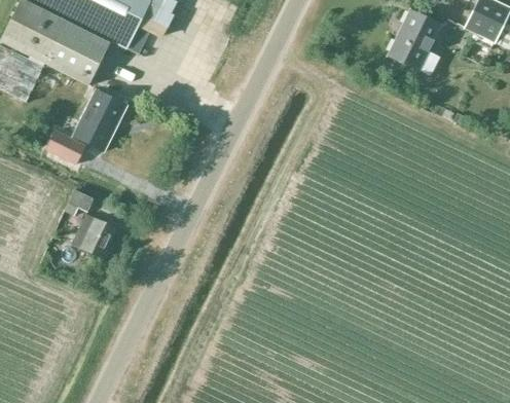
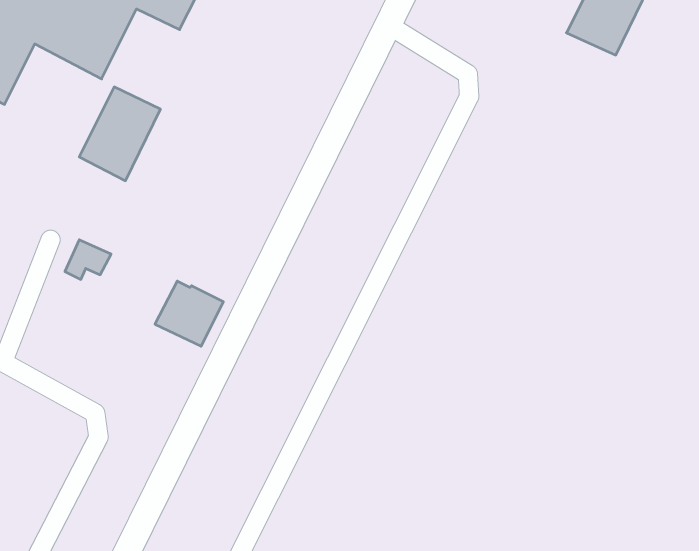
building: [46,129,86,163] -> none
building: [72,214,116,256] -> [155,281,223,346]

